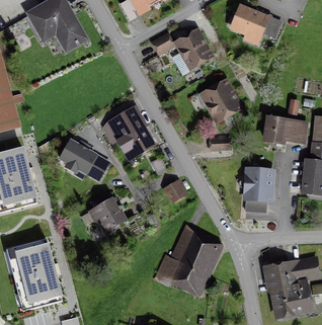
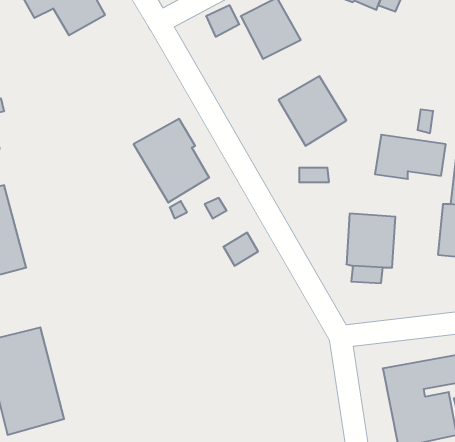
building: [61,139,102,178] -> none
building: [86,197,126,231] -> none
building: [156,224,222,294] -> none

